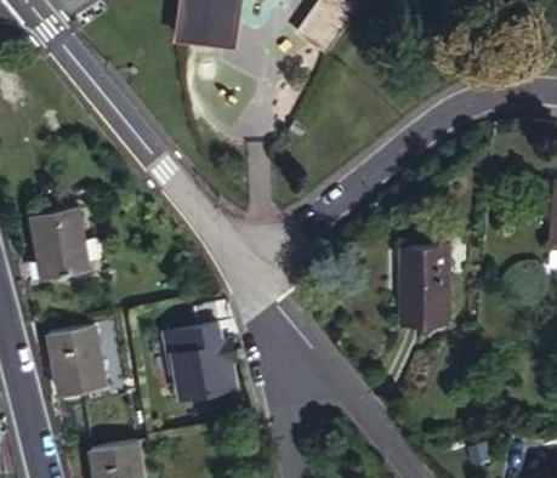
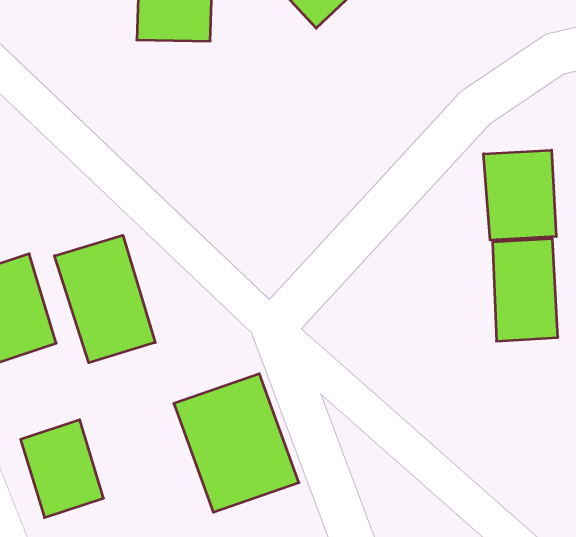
building: none -> [484,150,556,240]
building: none -> [54,235,155,363]

